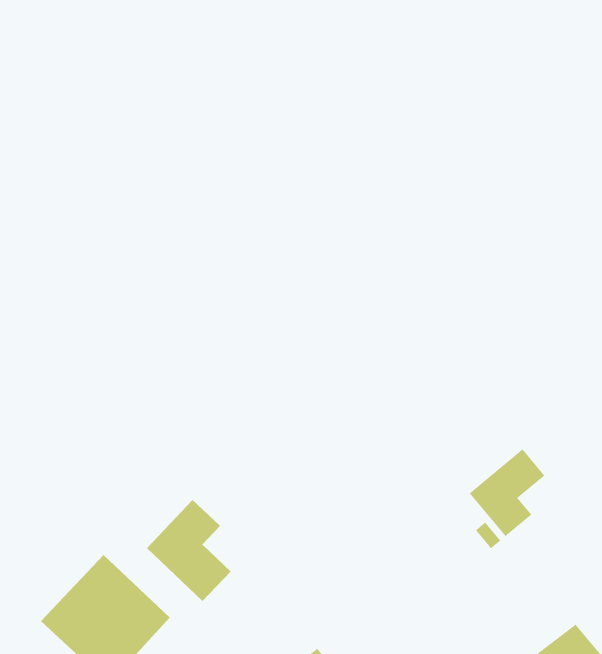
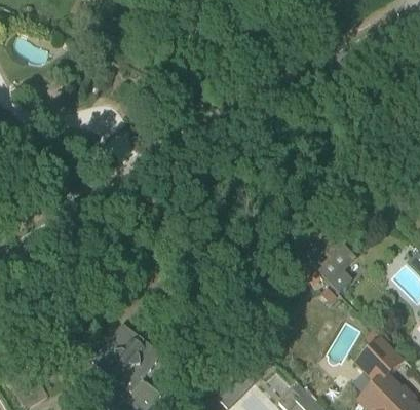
building: [146,499,231,602] -> none

